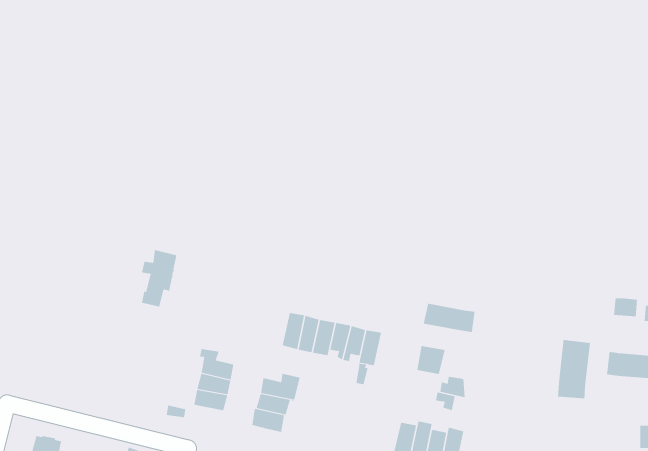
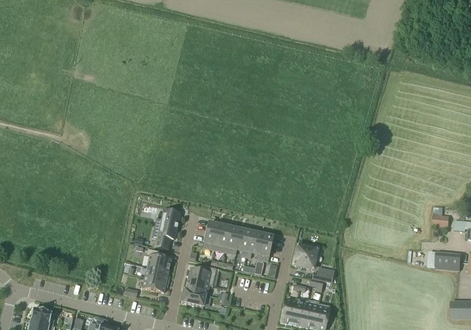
building: [141,249,177,307] -> [154,210,179,250]
building: [423,303,475,333] -> none
building: [557,339,590,399] -> none

